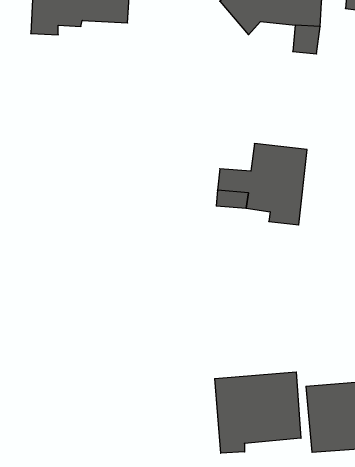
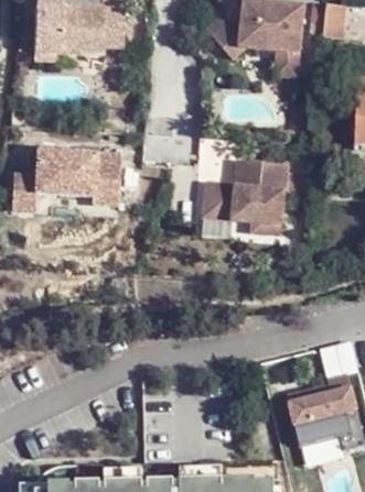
building: none -> [11,162,120,222]
building: [215,372,301,453] -> none

